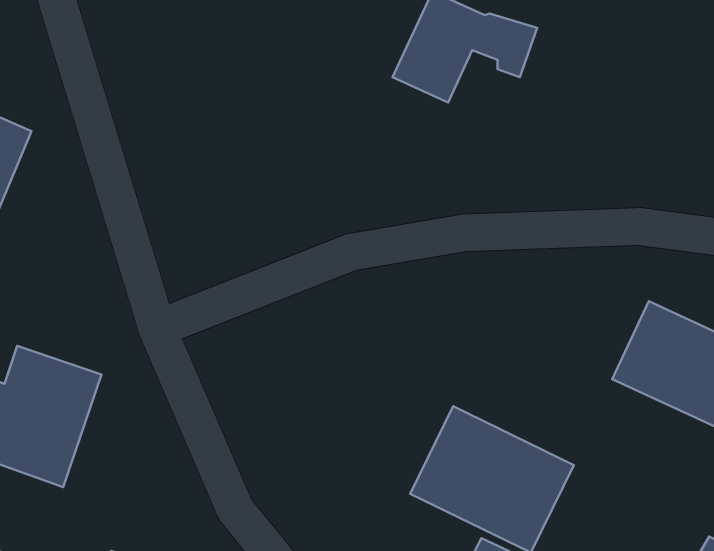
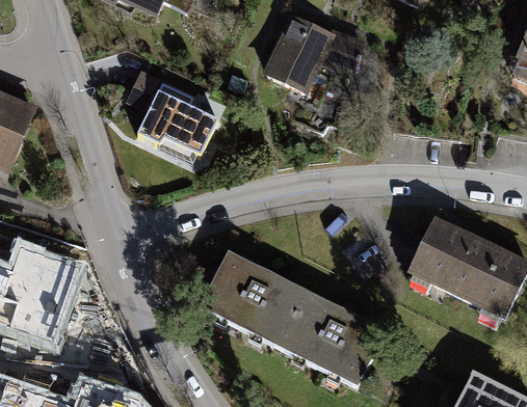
building: none -> [133,74,216,154]
building: none -> [200,250,307,346]

